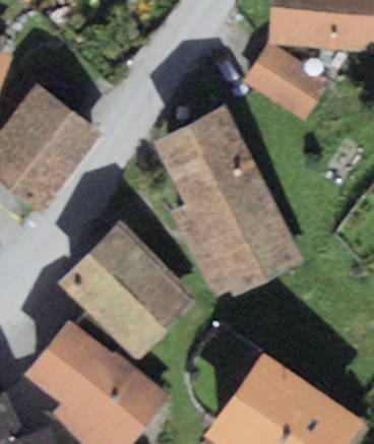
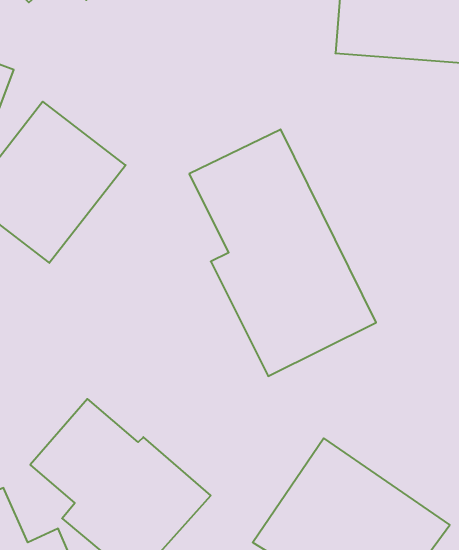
building: [244,44,329,121] -> none
building: [59,219,198,360] -> none

